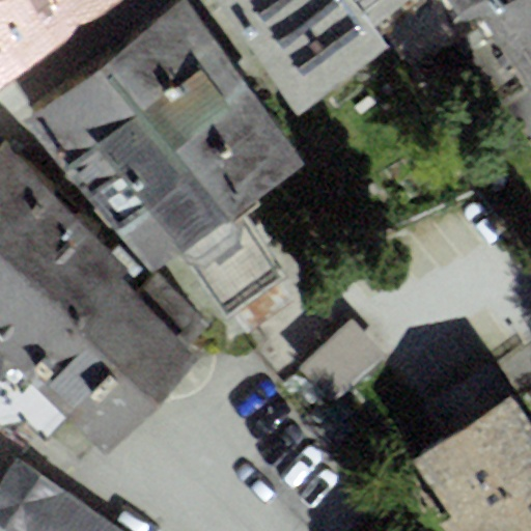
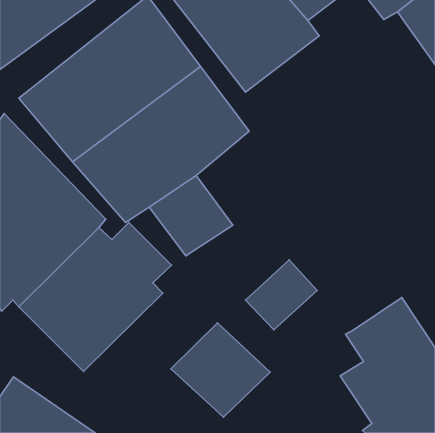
building: none -> [171,323,270,417]

